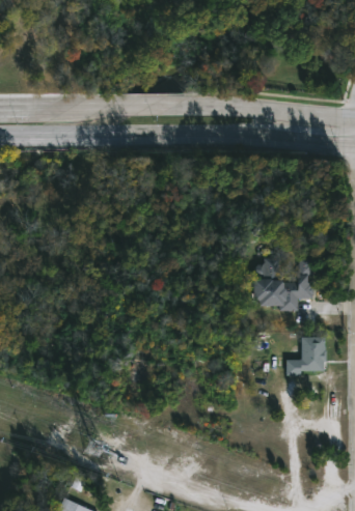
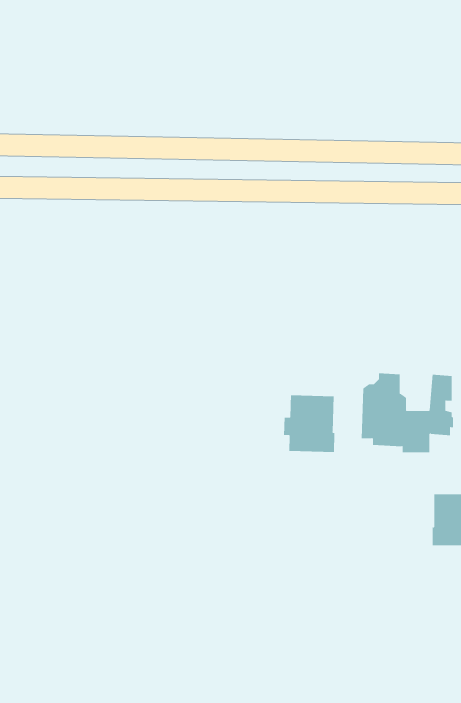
building: none -> [283,394,335,453]

